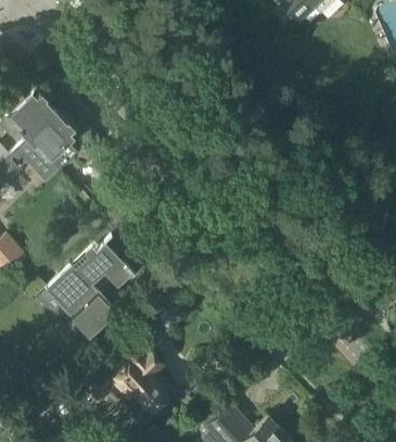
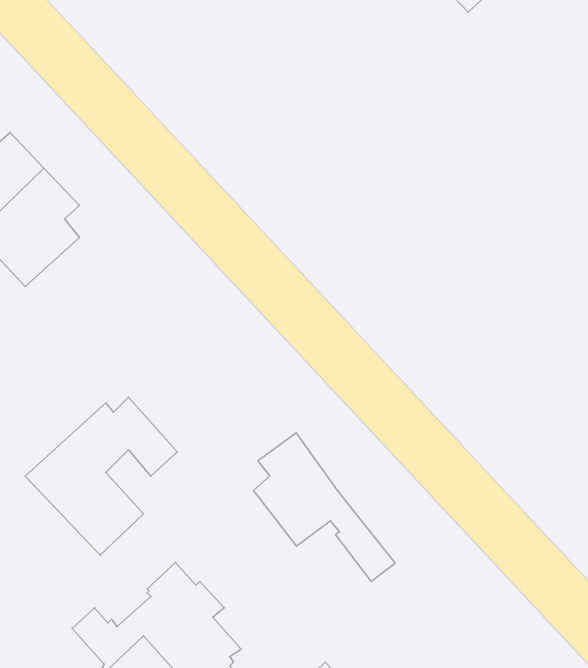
building: none -> [253,433,395,581]

